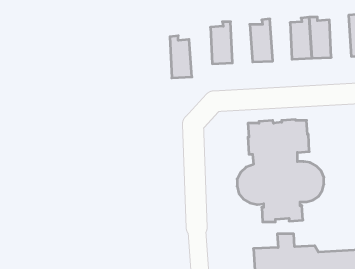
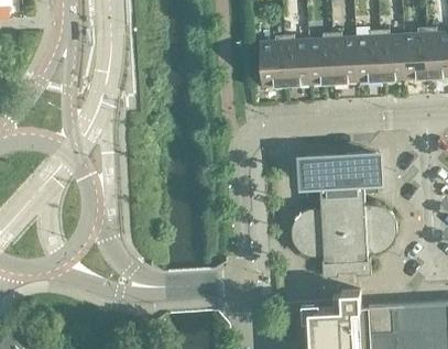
building: none -> [402,28,428,78]
building: none -> [330,32,357,83]
building: [170,36,192,78] -> [283,34,309,85]

